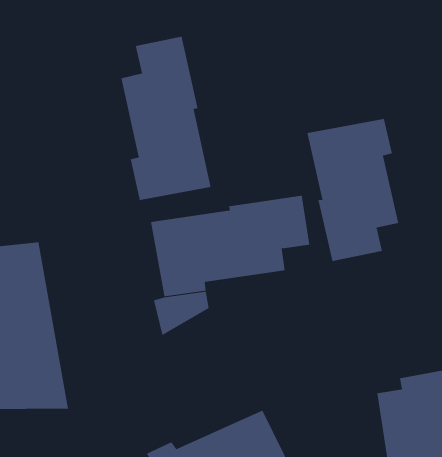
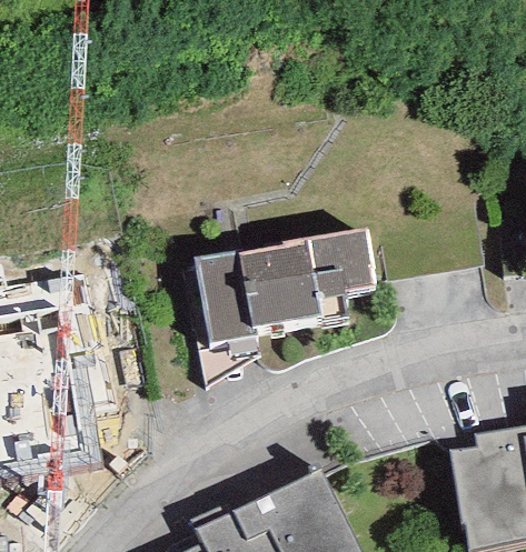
building: [121,36,211,201] -> none
building: [307,118,399,262] -> none

